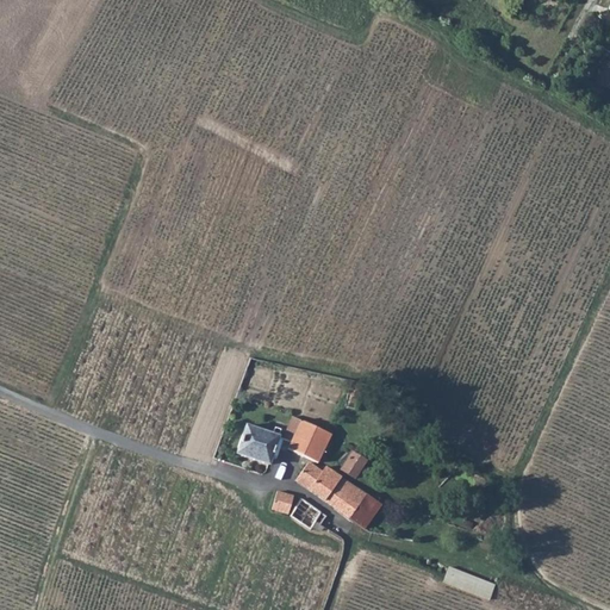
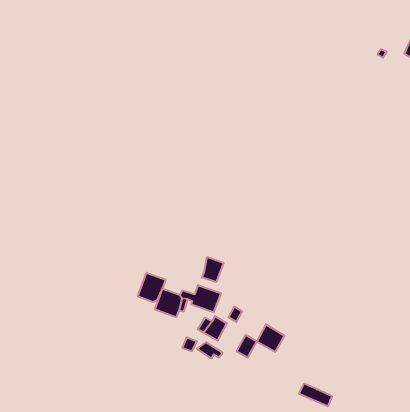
building: none -> [202,257,224,282]
building: none -> [138,273,165,302]
building: [326,475,367,516] -> [257,324,284,352]

